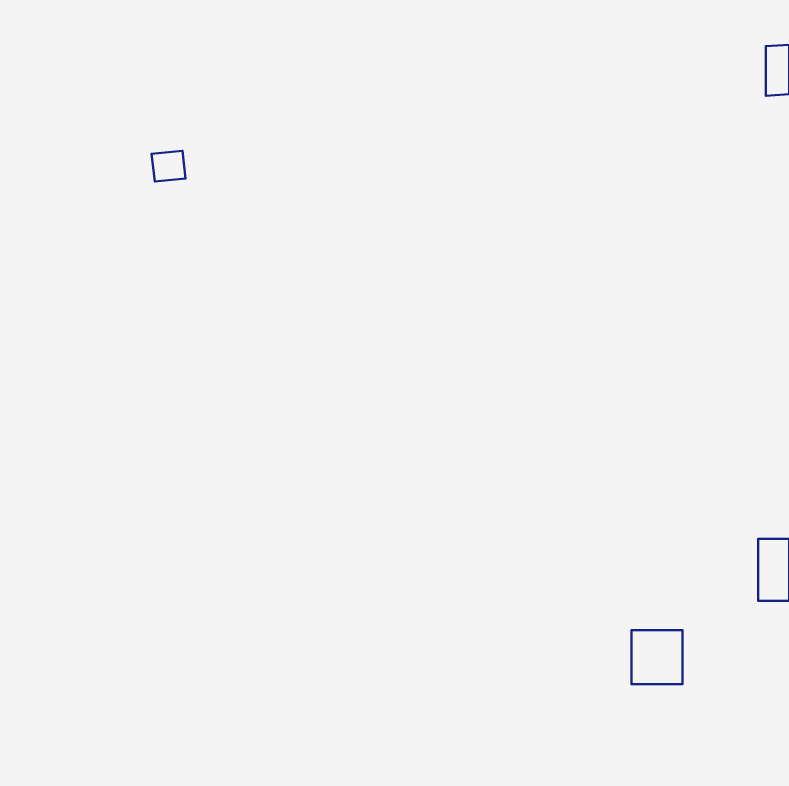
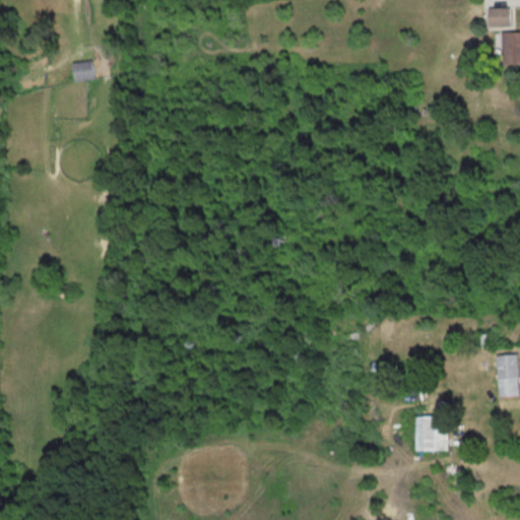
building: none -> [491,9,513,27]
building: [152,151,186,182] -> [72,62,94,82]

